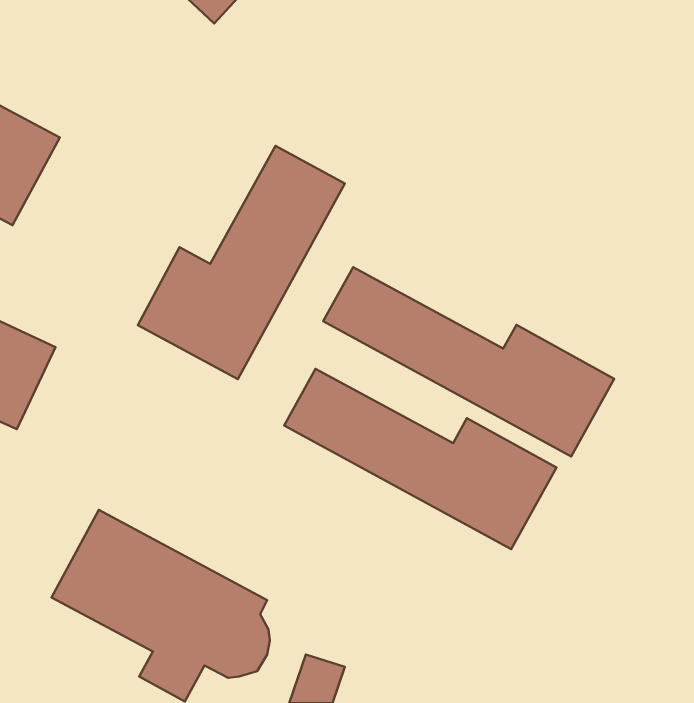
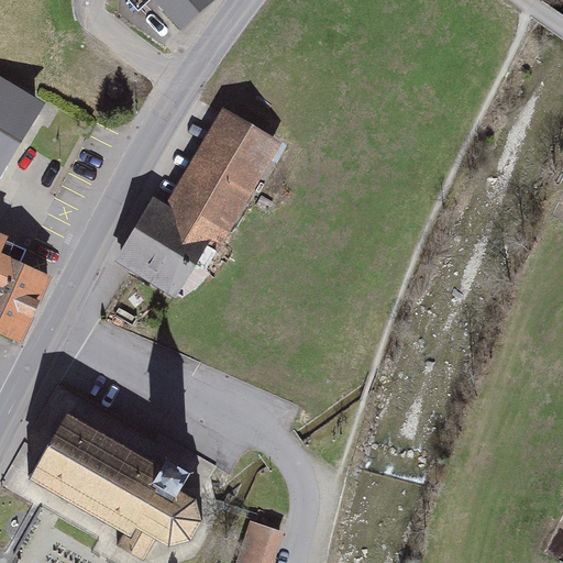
building: [323,267,614,456] -> none
building: [284,369,556,549] -> none

